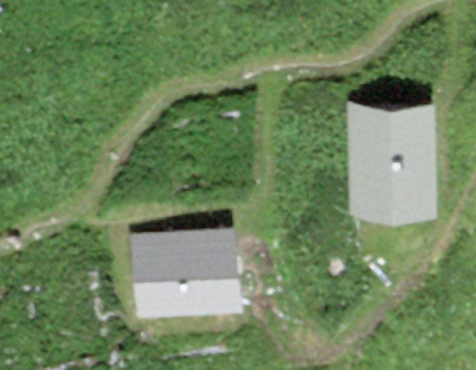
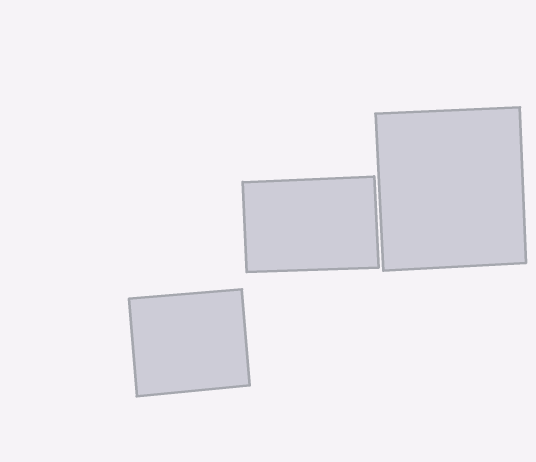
building: none -> [243,176,378,272]

